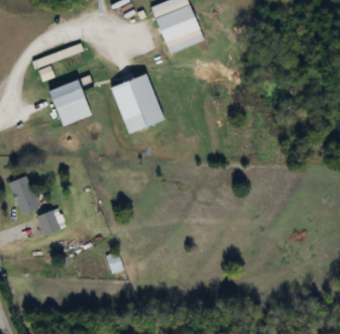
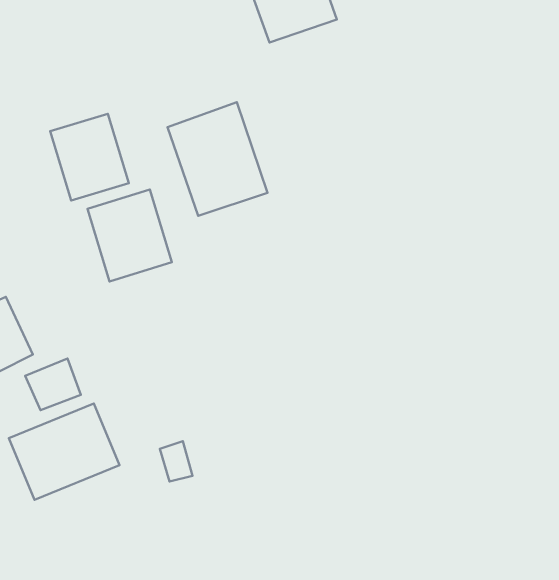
building: none -> [87,189,172,281]
building: none -> [9,403,120,500]

